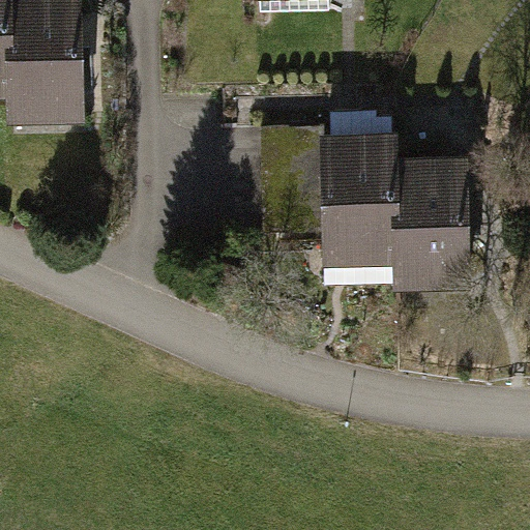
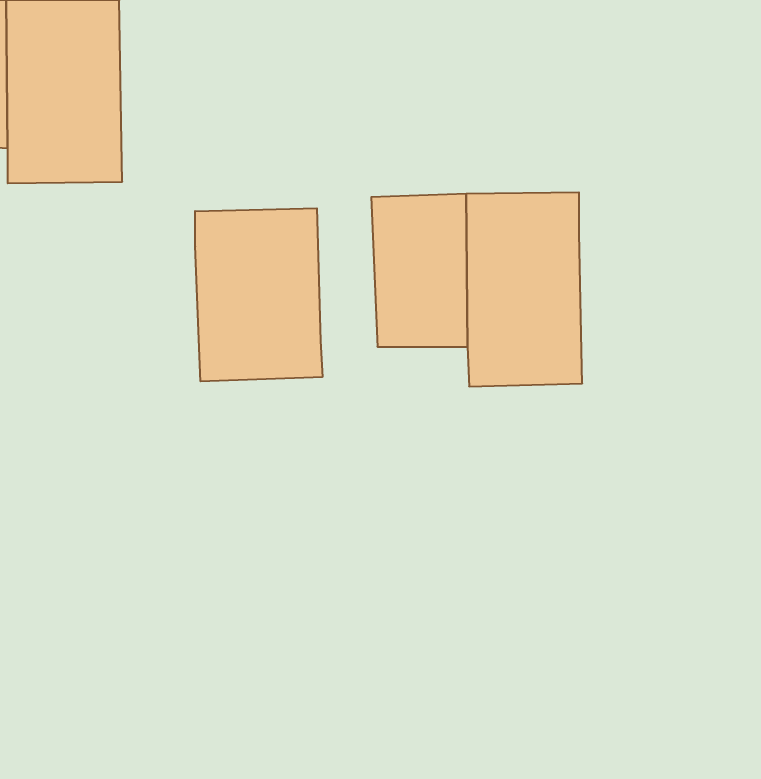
building: none -> [195,208,322,381]
building: [392,158,475,289] -> none

